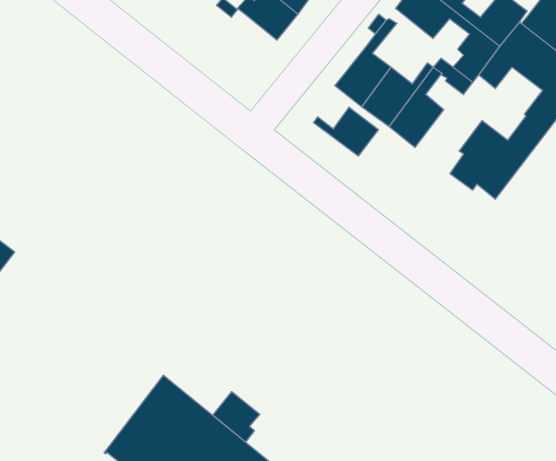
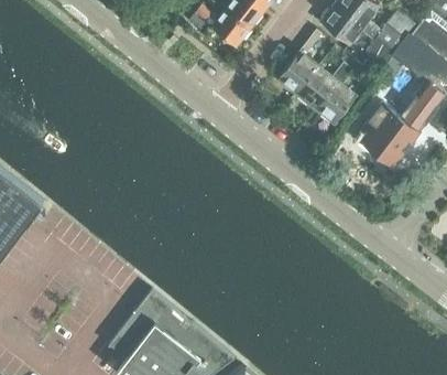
building: [313,107,378,156] -> none
building: [213,392,260,442] -> none

